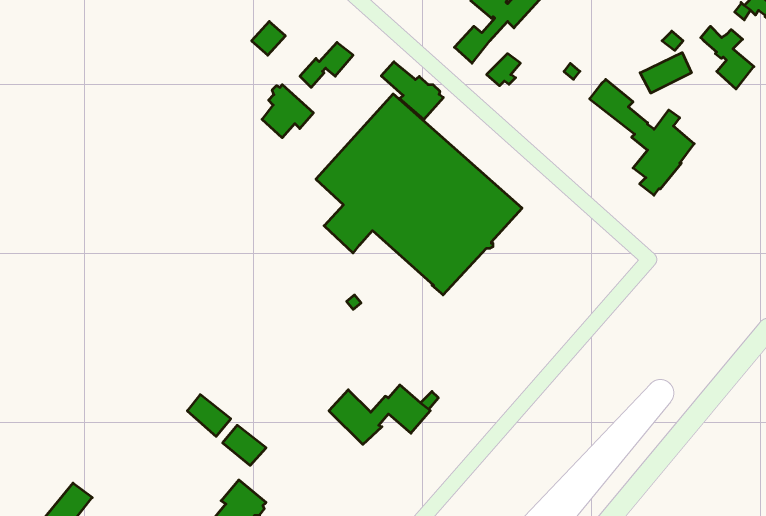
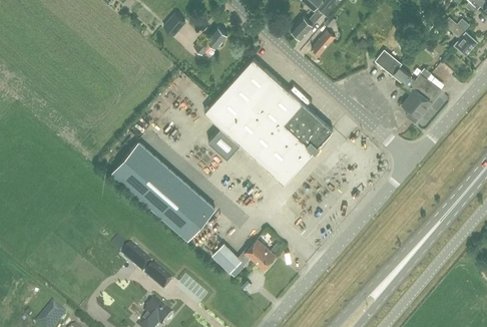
building: [640,53,691,93] -> none
building: [381,62,443,119] -> none
building: [262,85,313,138] -> none
building: none -> [112,143,215,241]

